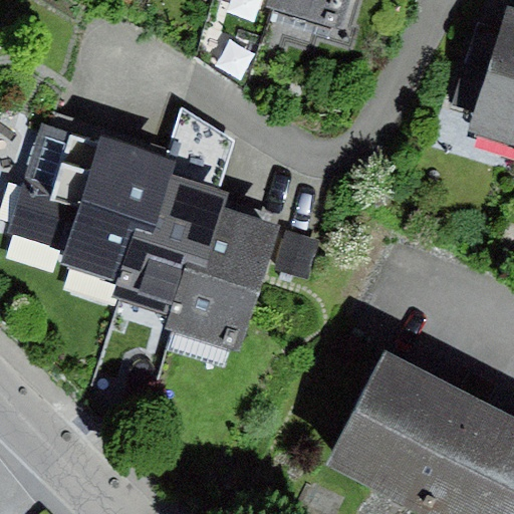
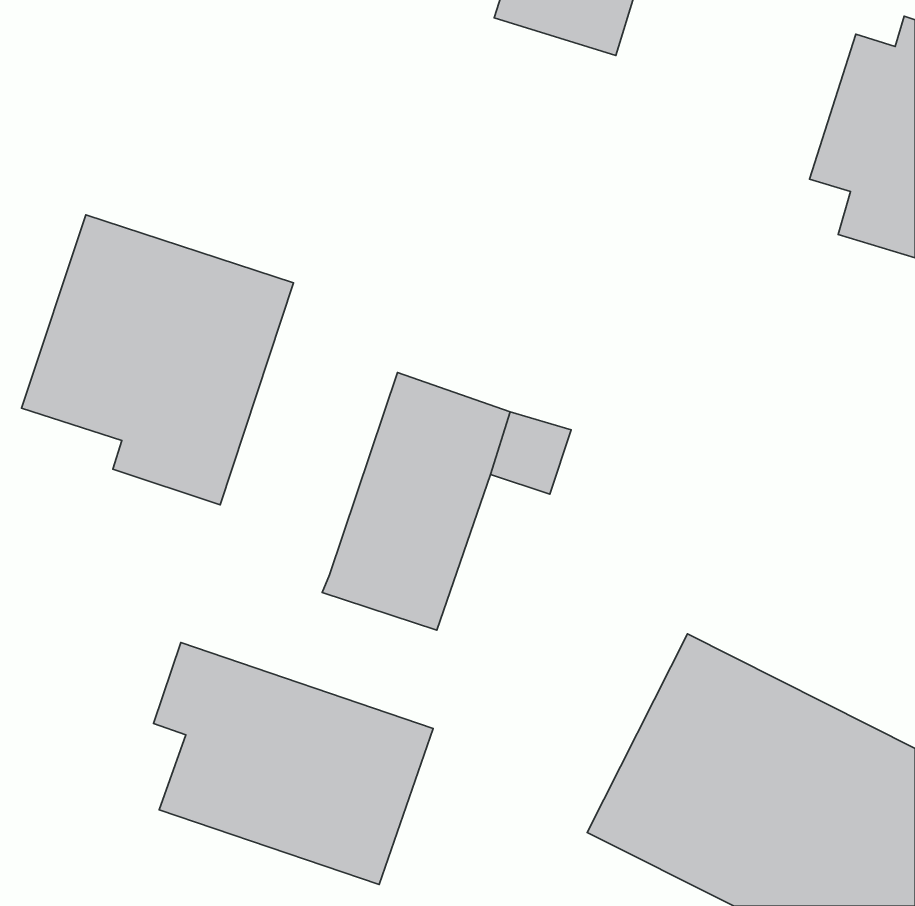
building: [117,159,227,322] -> none
building: none -> [154,643,433,885]

